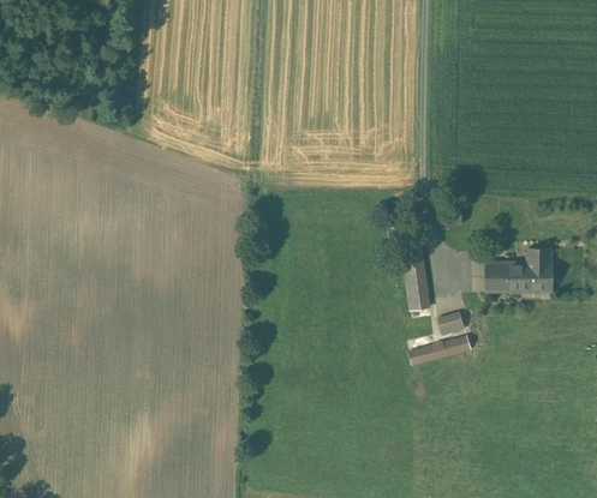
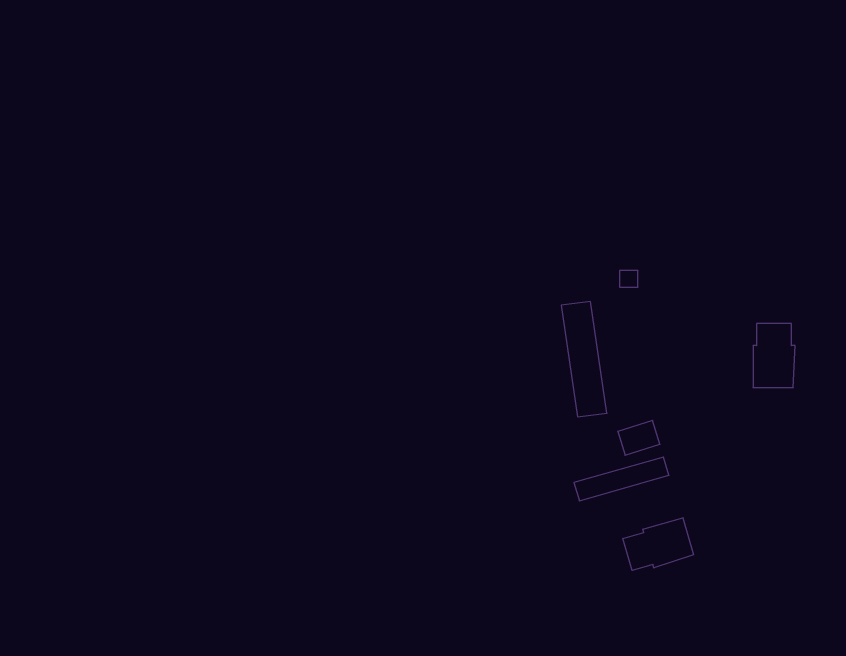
building: [486,263,525,290] -> none
building: none -> [623,518,693,570]

